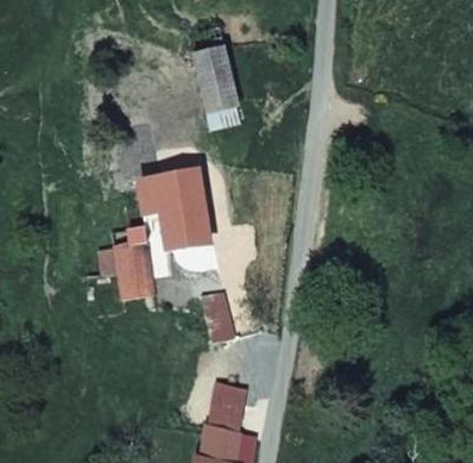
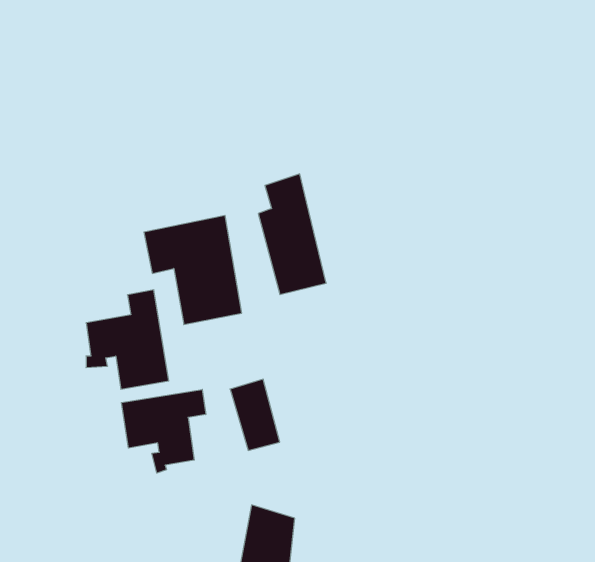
building: [190,25,239,112] -> [258,174,326,295]
building: none -> [121,389,206,473]

